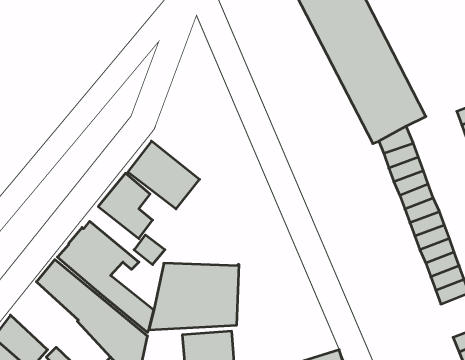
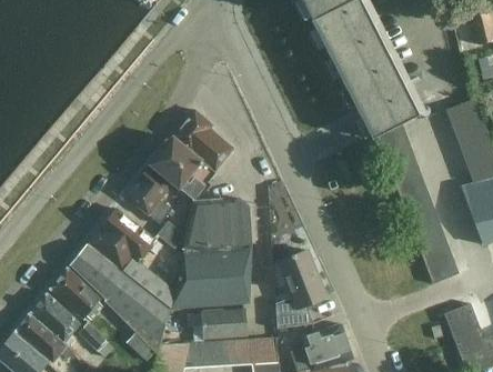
building: none -> [174,111,233,170]
building: none -> [184,199,251,250]
building: none -> [276,251,326,329]
building: none -> [50,270,103,321]

